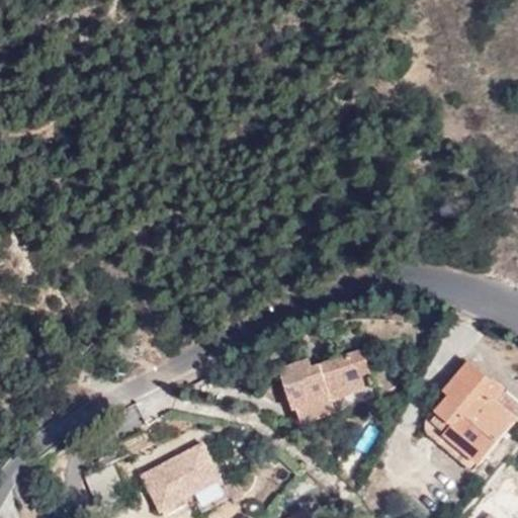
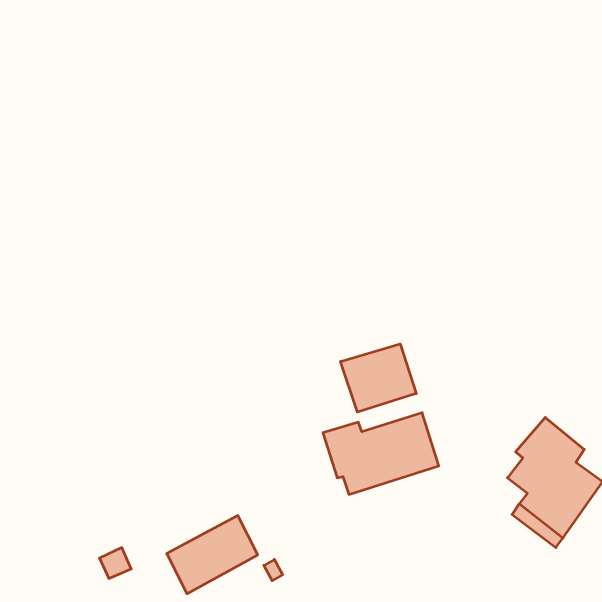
building: none -> [341,344,416,412]

